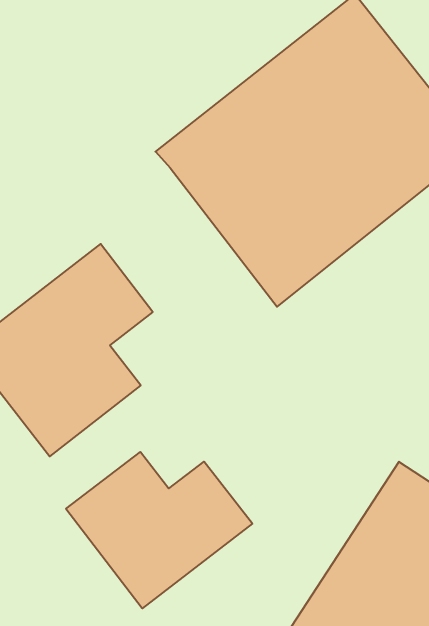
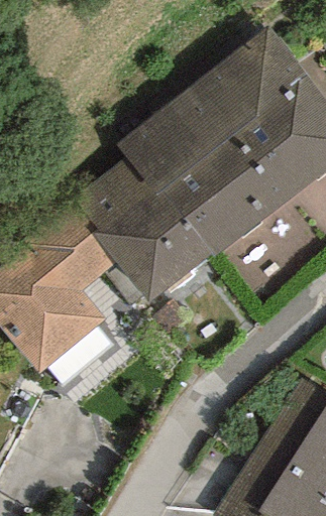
building: none -> [71,157,210,306]
building: [66,452,252,608] -> none

